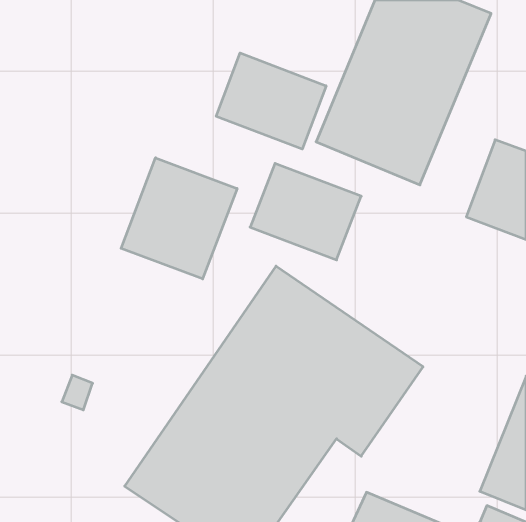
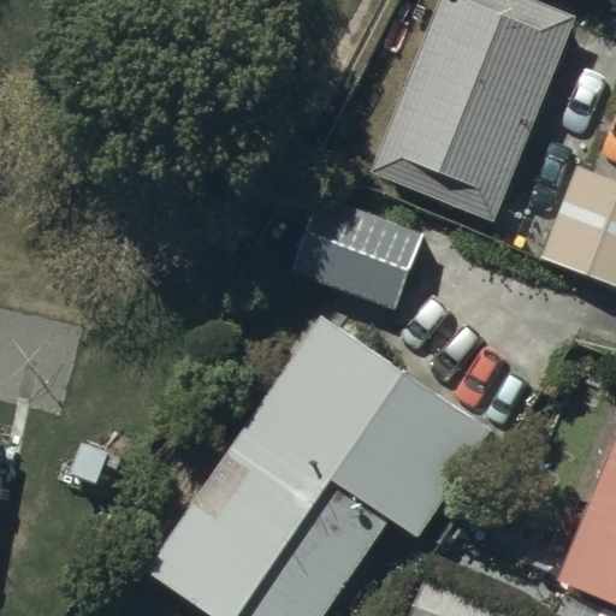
building: [216,53,326,149] -> none
building: [121,158,237,279] -> none

